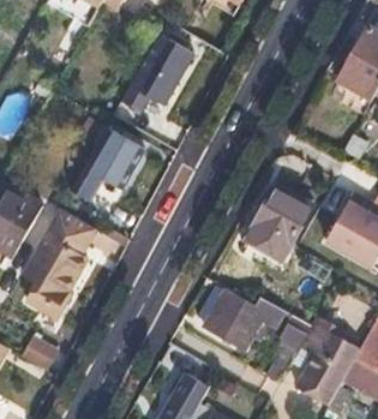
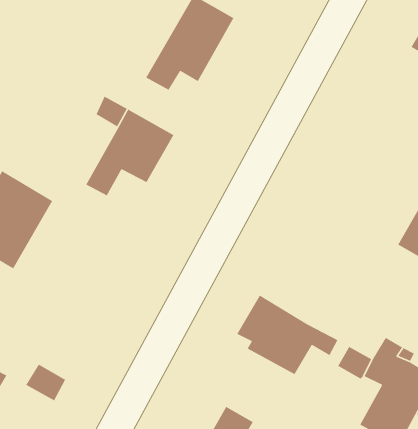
building: [245,184,312,257] -> none
building: [20,208,94,317] -> none

